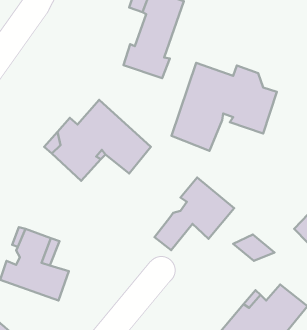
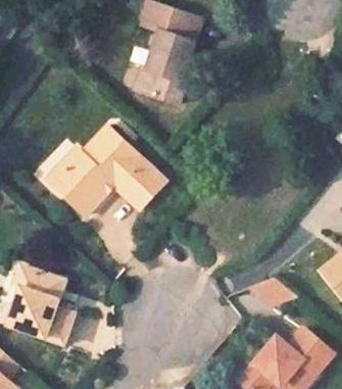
building: [171,63,277,151] -> none
building: [155,177,234,250] -> none

